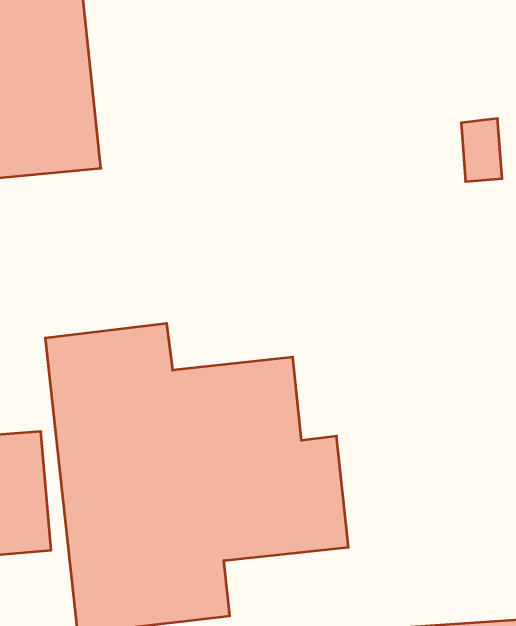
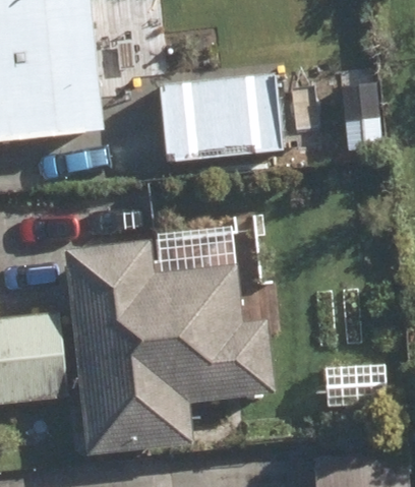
building: none -> [160,77,322,161]

